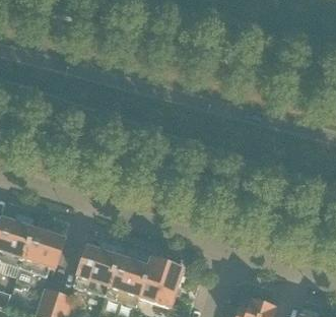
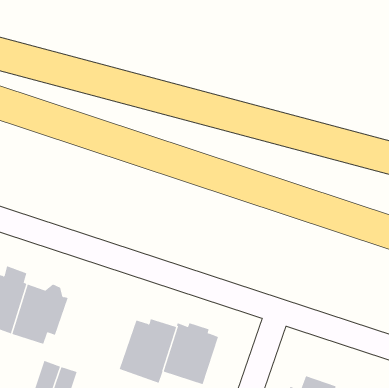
building: [72,243,117,296] -> none

